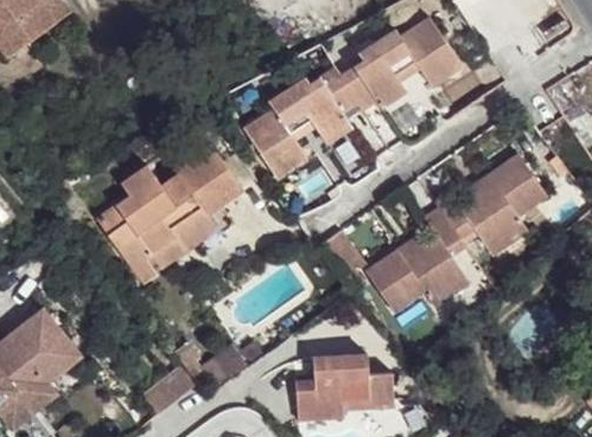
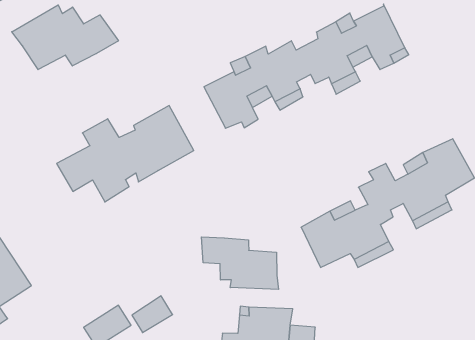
building: none -> [12,5,118,70]
building: [116,218,217,283] -> none
building: none -> [201,237,279,289]

